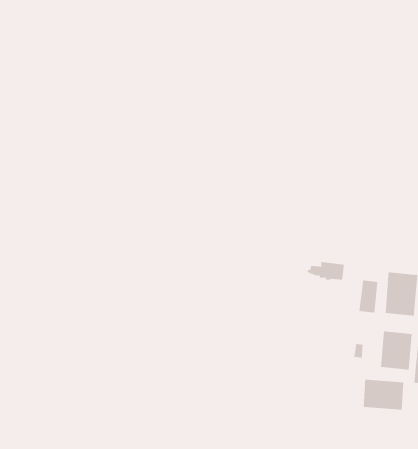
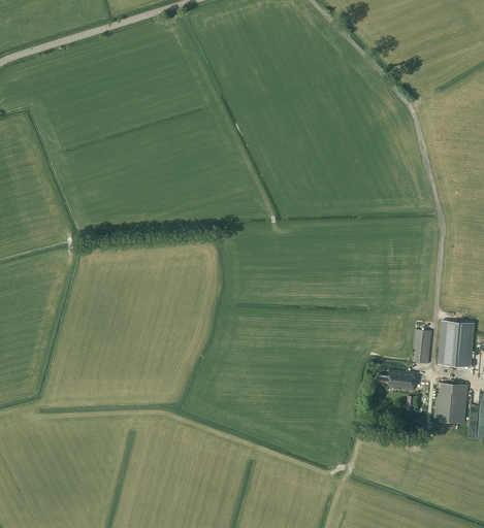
building: [307,261,345,280] -> [377,370,417,390]
building: [363,379,404,411] -> none

